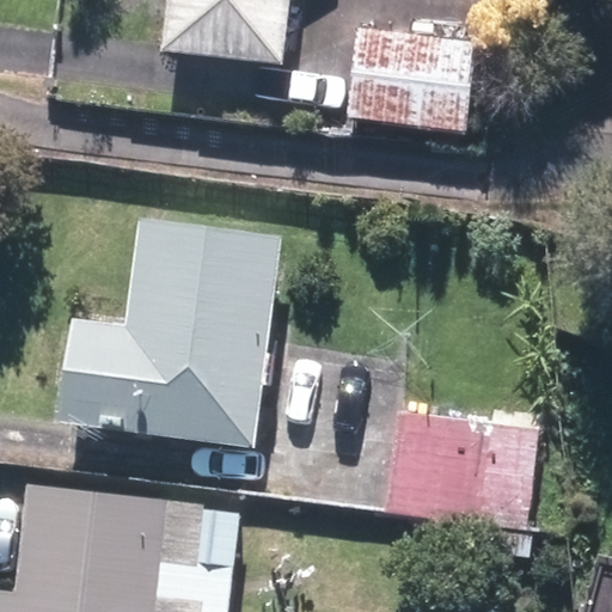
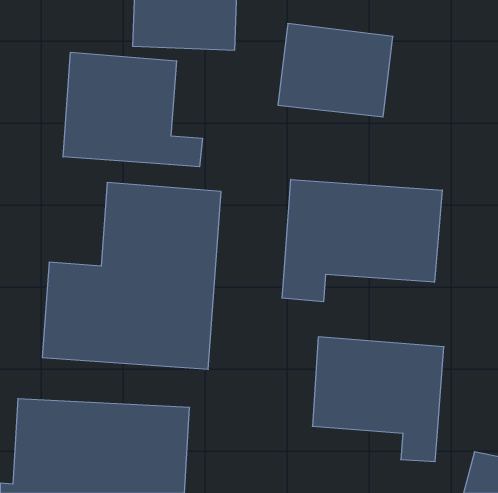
building: none -> [63,52,202,167]
building: none -> [282,179,442,302]

